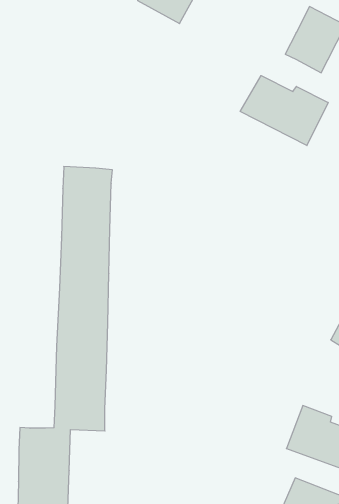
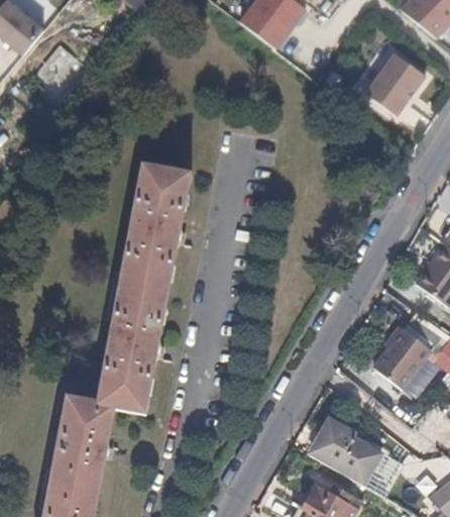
building: [240,76,328,146] -> none

